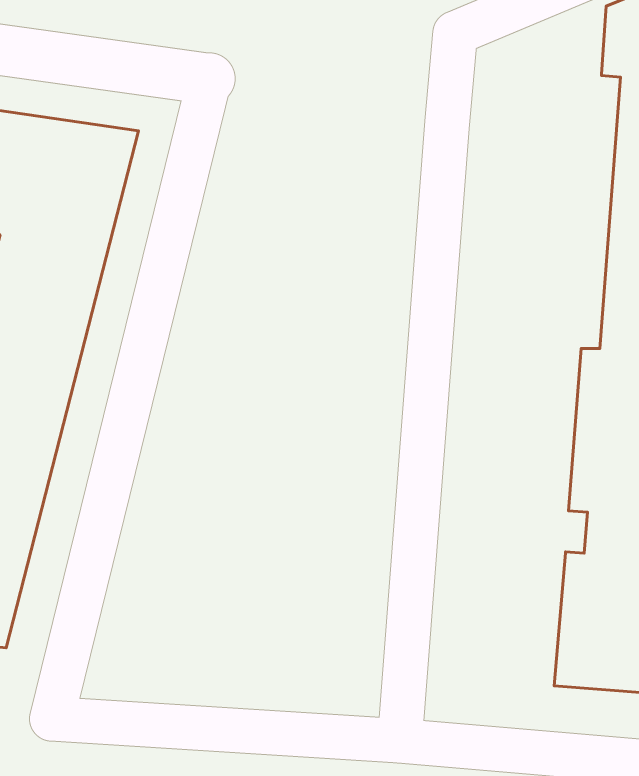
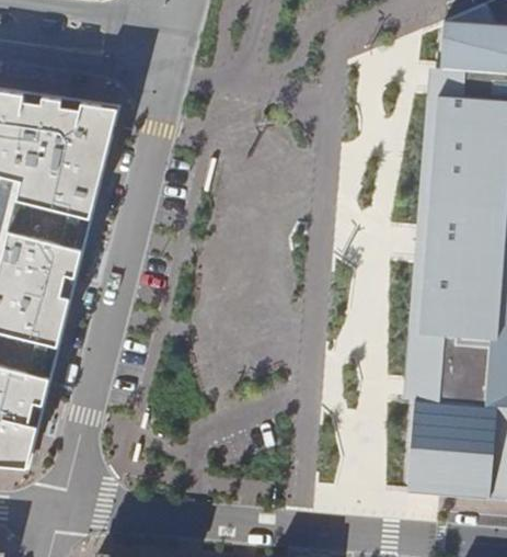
building: none -> [403,65,453,399]

